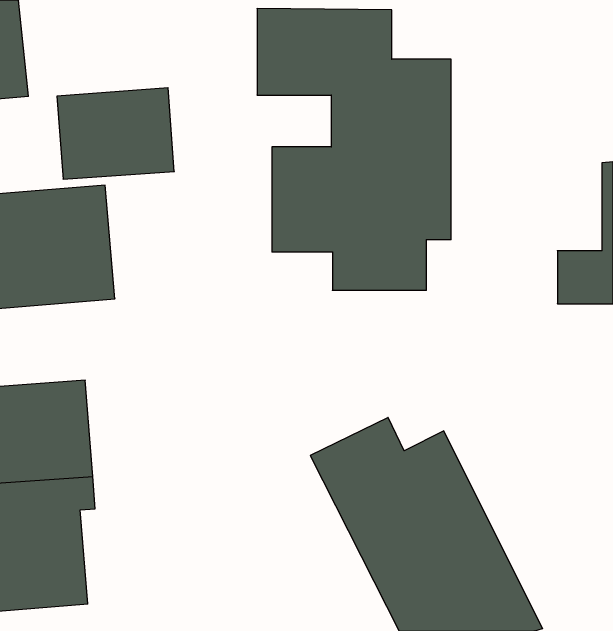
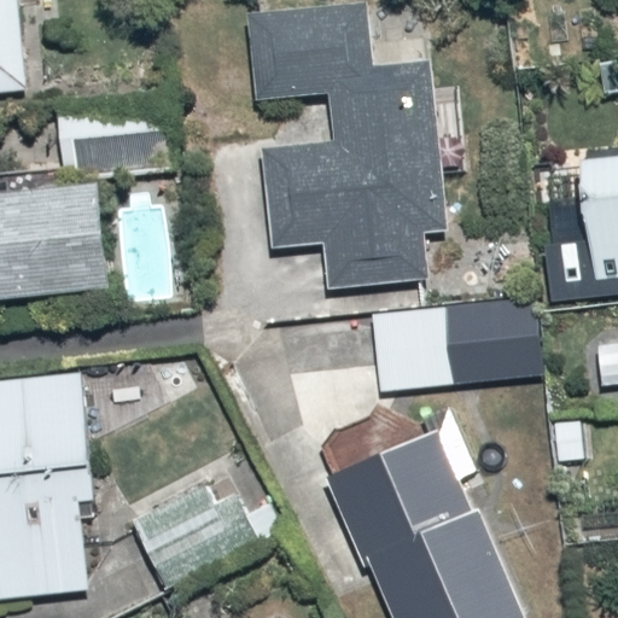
building: none -> [369,302,536,390]
building: none -> [129,476,258,590]

